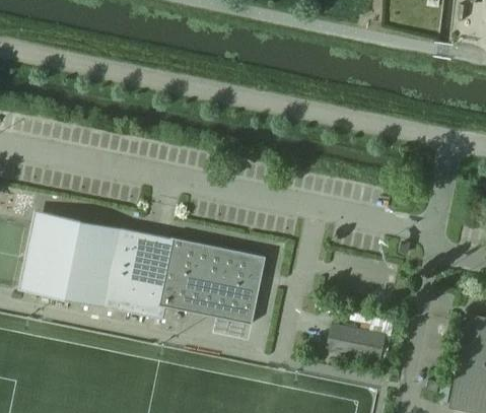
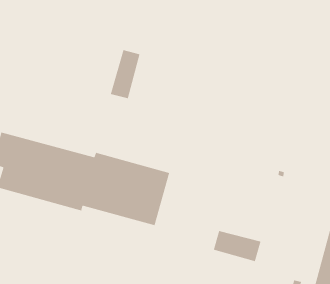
building: none -> [110,49,140,99]

